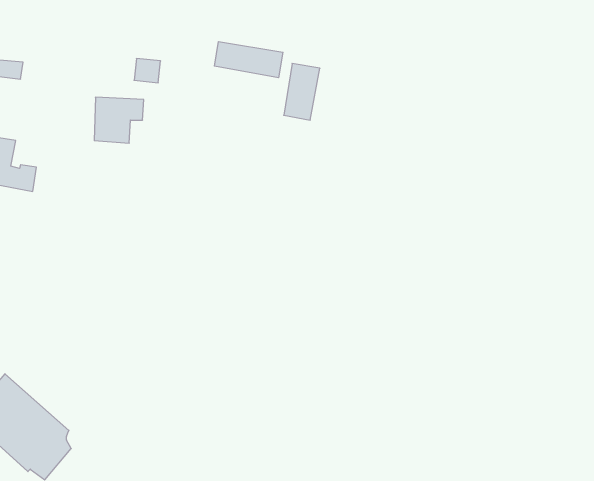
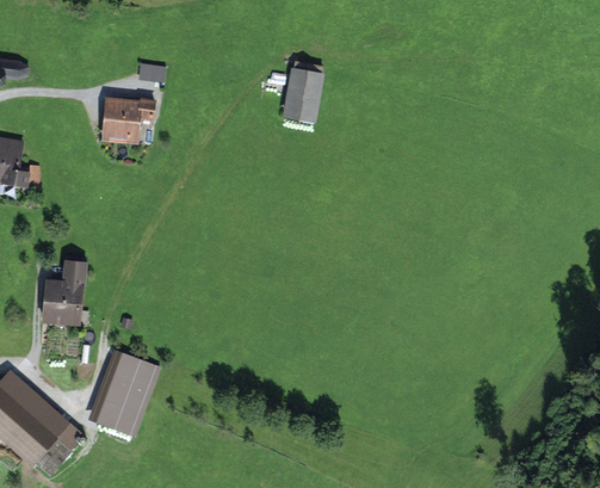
building: [214,42,283,78] -> none
building: none -> [41,260,87,323]
building: none -> [98,357,154,430]

